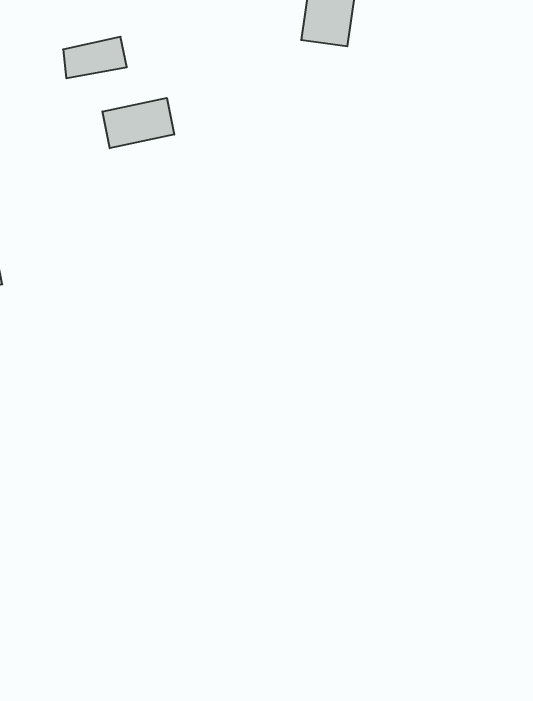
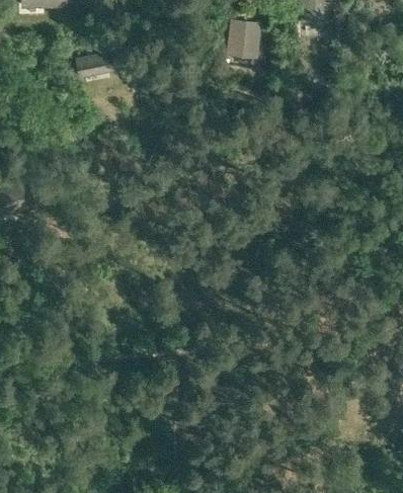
building: [102,98,174,148] -> none

